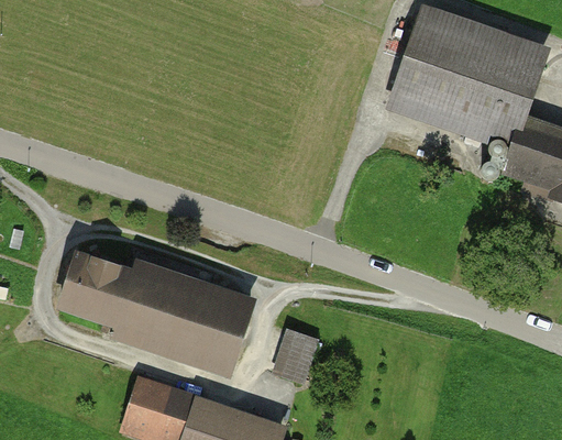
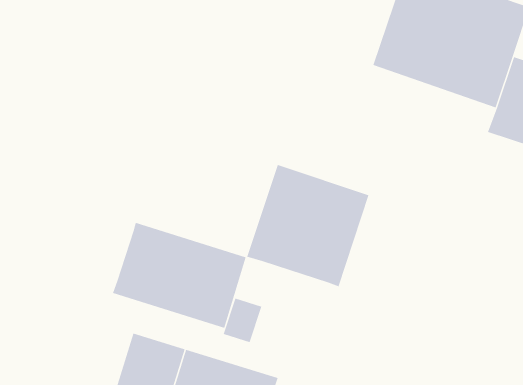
building: none -> [247,164,369,287]
building: [66,254,141,325] -> none
building: [279,332,319,377] -> [223,298,262,343]

